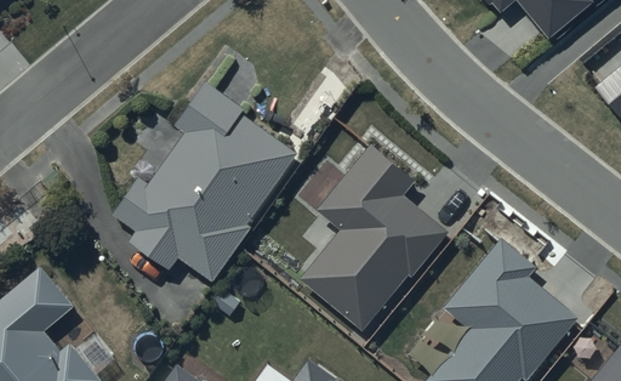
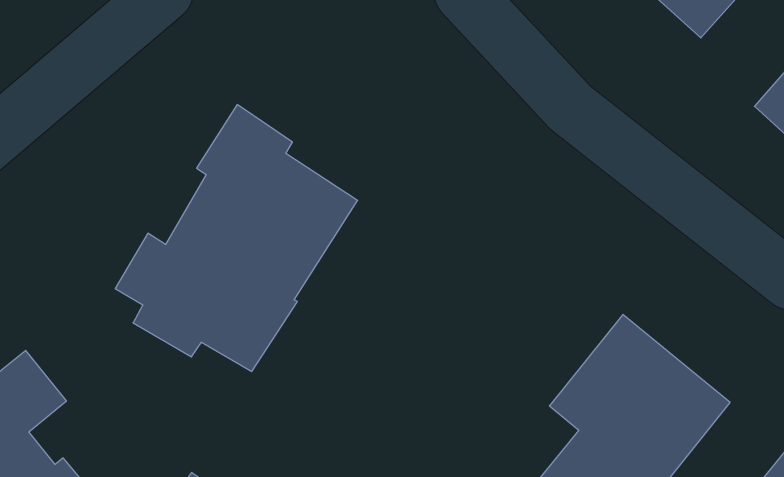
building: [300,144,445,331] -> none

